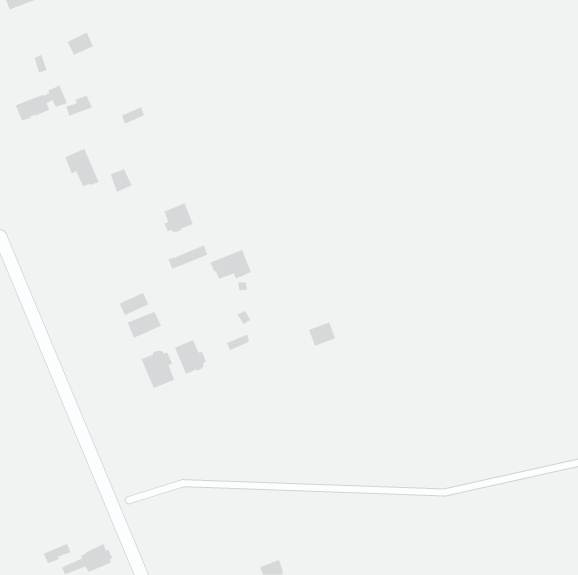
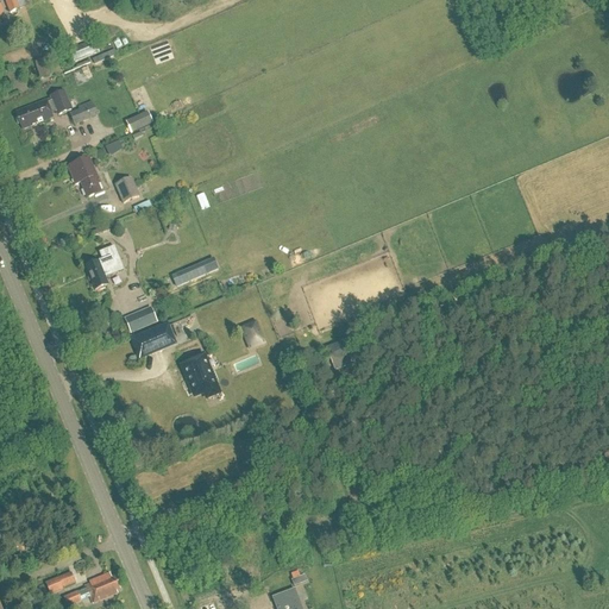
building: [164,203,194,233] -> none
building: none -> [86,246,123,289]
building: [210,249,252,279] -> none
building: [141,350,175,389] -> none

